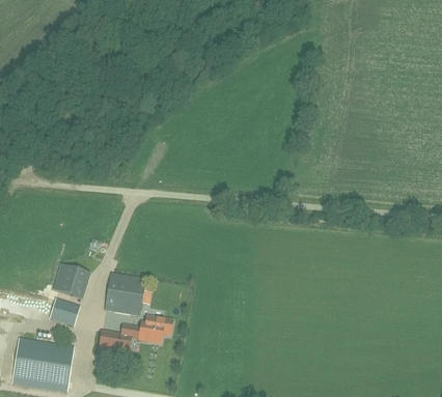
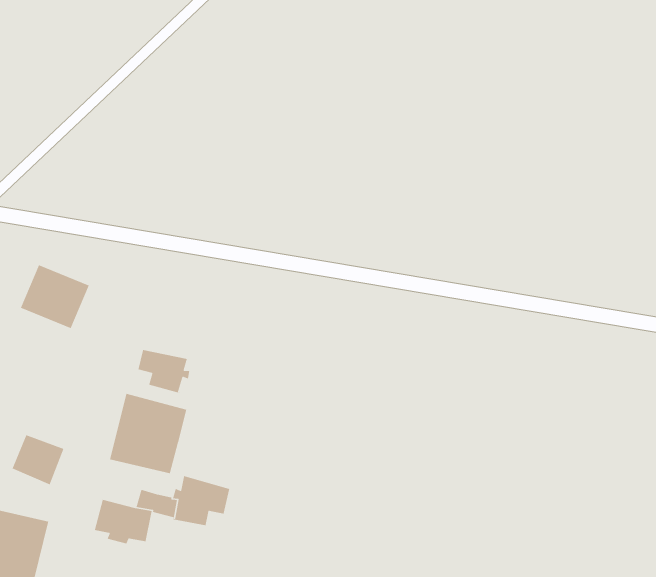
building: none -> [137,349,190,394]
building: [52,263,89,297] -> [20,264,90,329]

